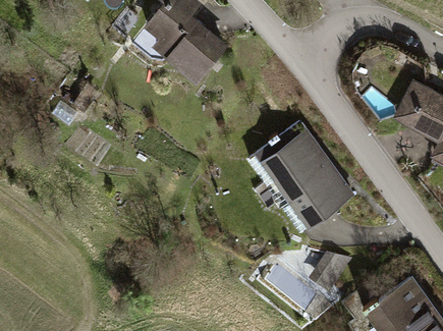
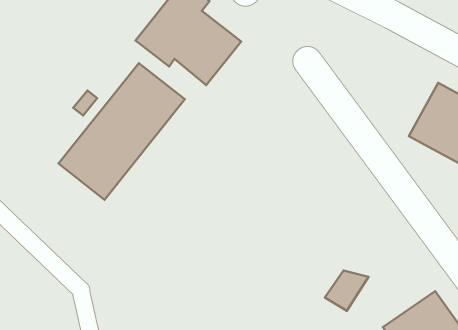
building: none -> [58,63,185,200]
building: [253,123,353,231] -> none

